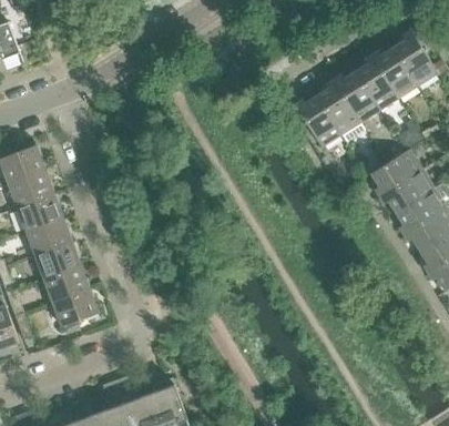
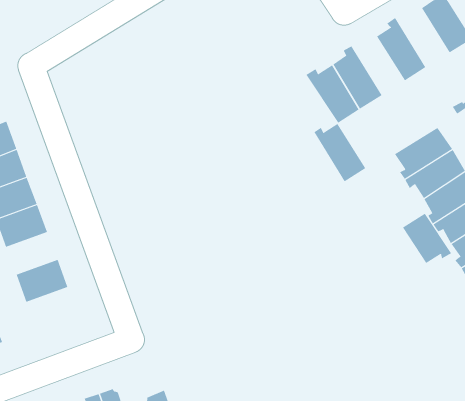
building: [371,48,418,99] -> none
building: [334,72,379,123] -> [314,123,366,182]
building: none -> [402,213,452,264]
building: [34,242,80,278] -> none
building: [52,290,98,327] -> none

